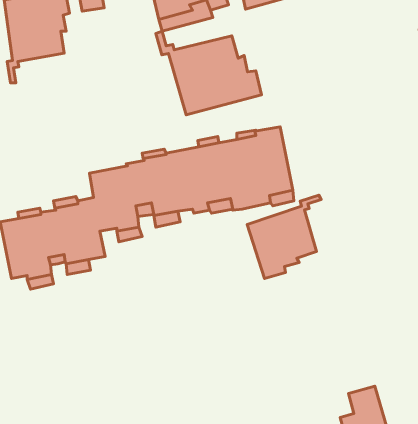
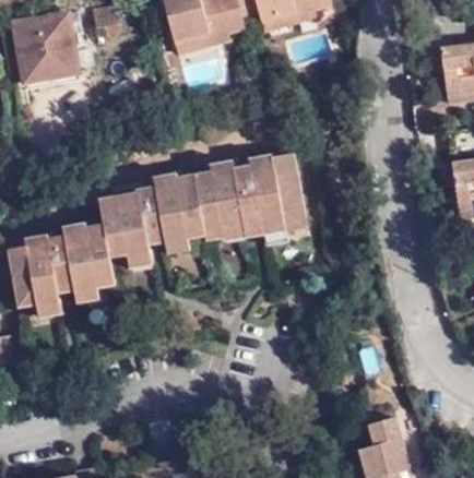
building: [156,31,261,115] -> none
building: [247,195,321,279] -> none

